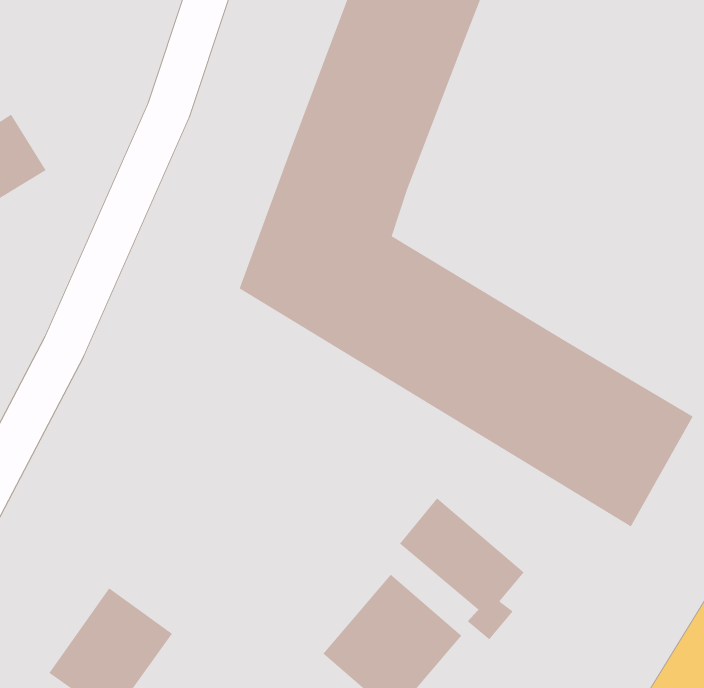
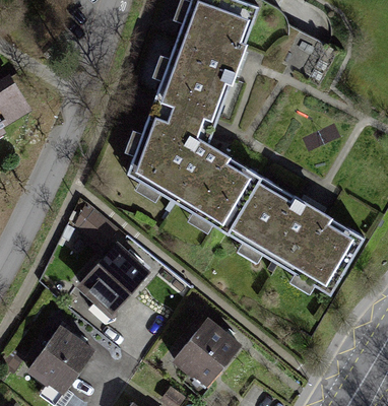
building: none -> [78,245,150,316]
building: [399,497,525,640] -> none

